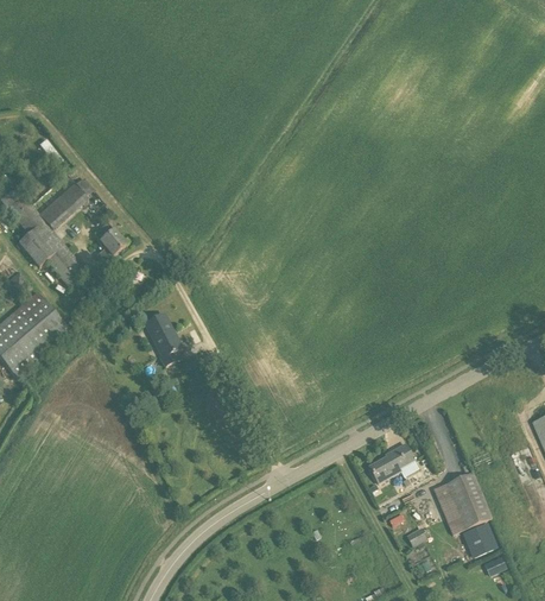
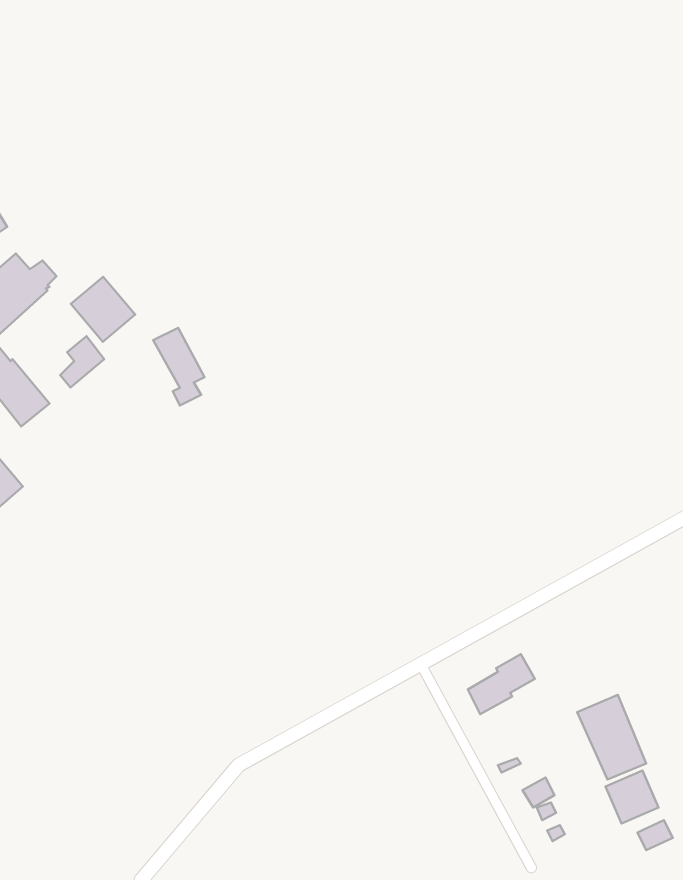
building: none -> [71,277,135,342]
building: [147,315,182,367] -> [153,328,205,405]

